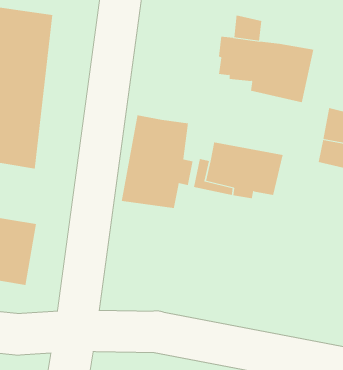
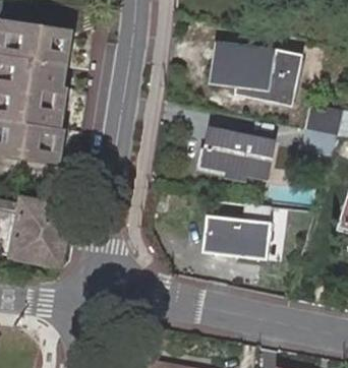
building: [121,114,193,209] -> none
building: none -> [212,220,270,255]

